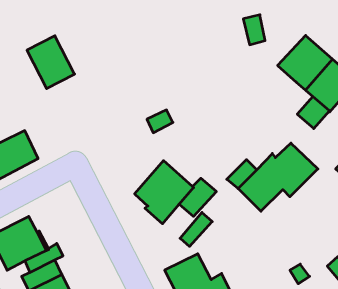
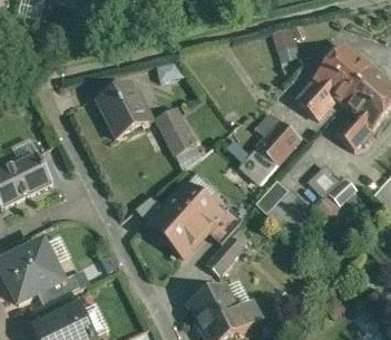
building: [27,36,75,89] -> [102,78,154,135]
building: none -> [295,81,330,116]
building: none -> [158,104,190,137]
building: none -> [248,116,297,168]

